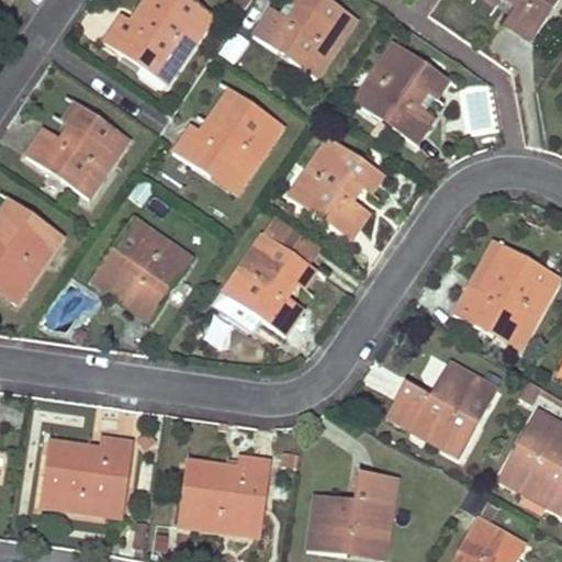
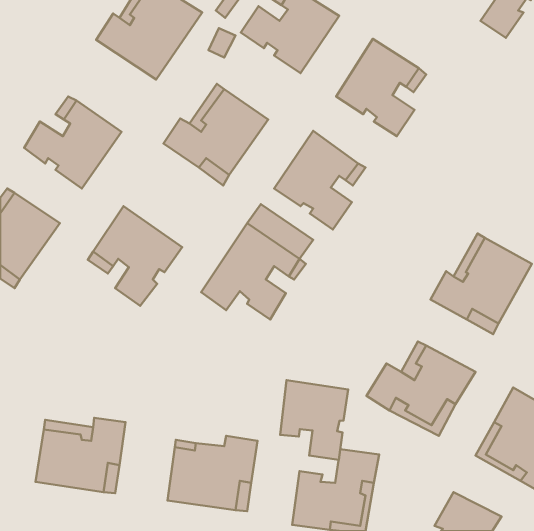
building: none -> [280,380,348,460]

